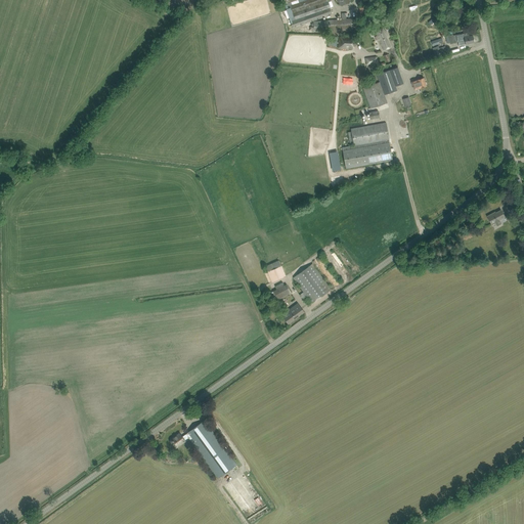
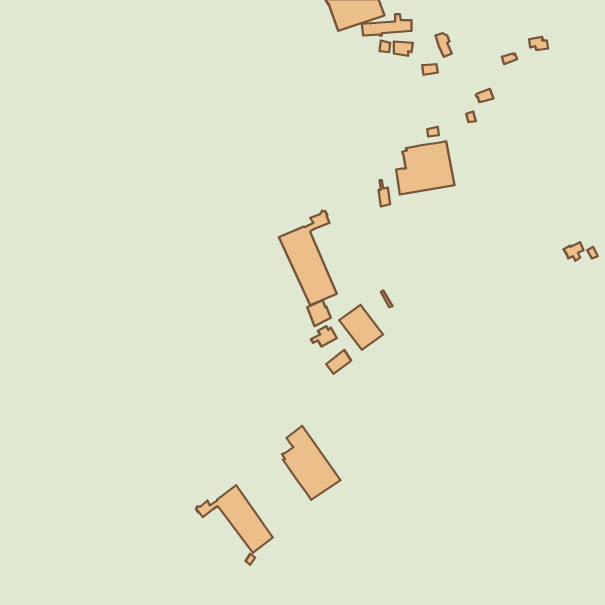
building: [362,66,402,106] -> none
building: none -> [279,211,337,305]
building: none -> [282,426,341,500]

